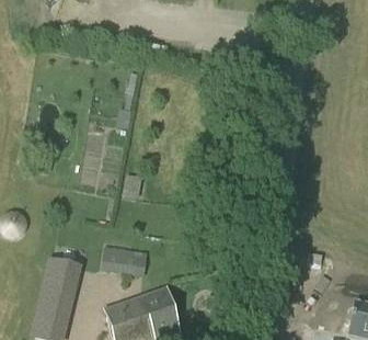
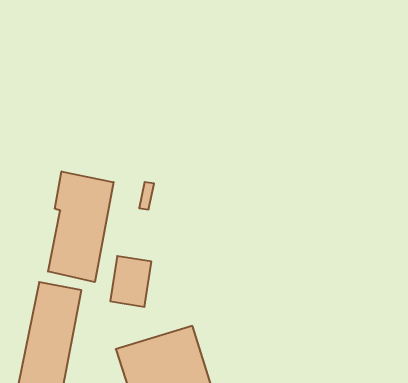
building: none -> [48,171,114,282]

